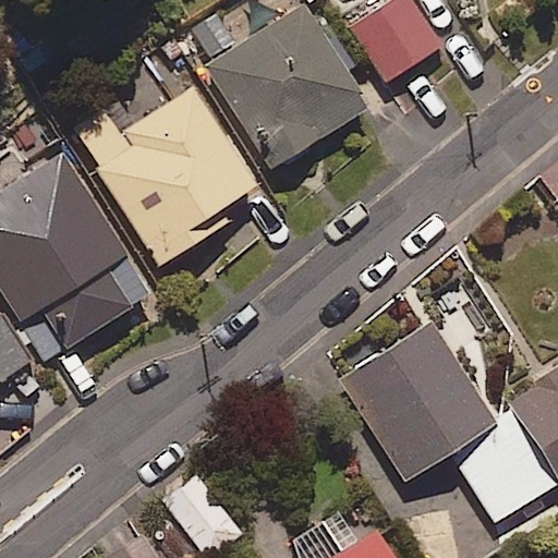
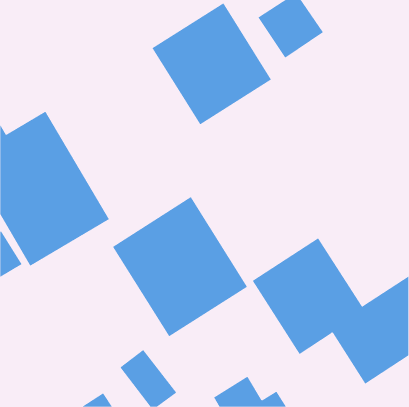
building: [70,87,256,267] -> none
building: none -> [112,196,248,337]

